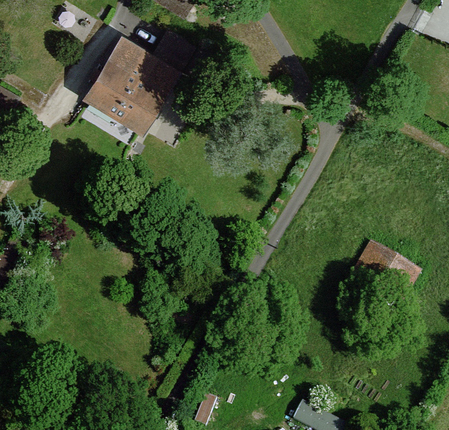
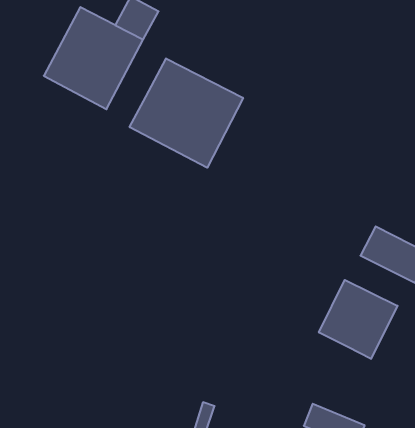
building: none -> [130,58,243,168]
building: none -> [319,280,398,359]

